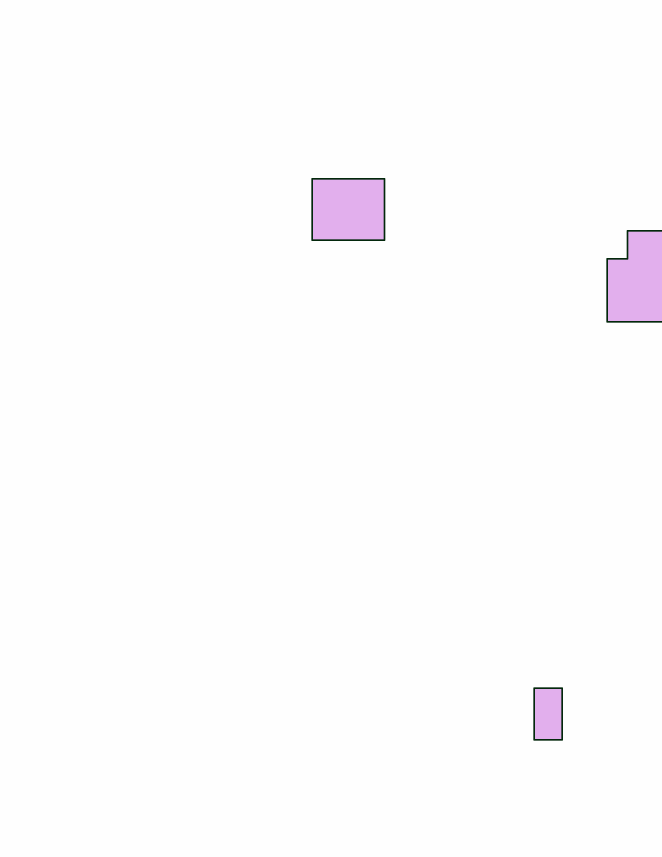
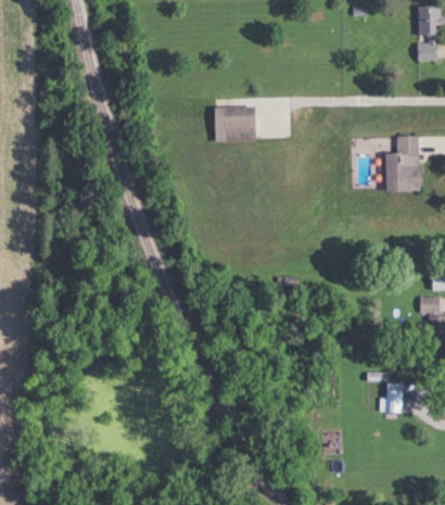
building: [534,688,562,740] -> [386,381,403,412]

